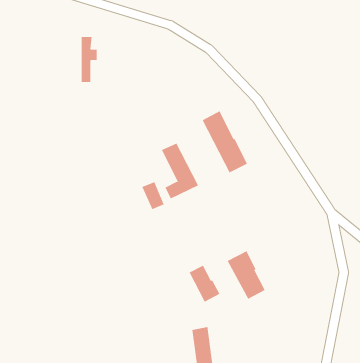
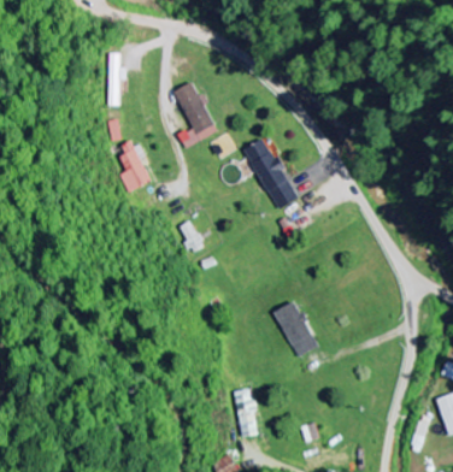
building: none -> [114,140,151,193]
building: [161,143,199,199] -> [175,82,218,147]
building: [189,265,220,302] -> none

